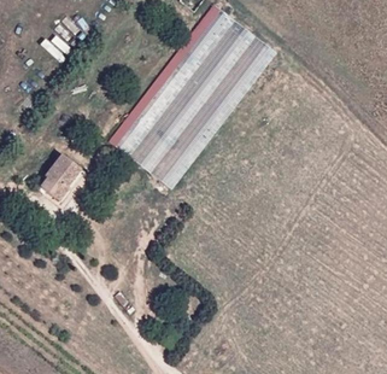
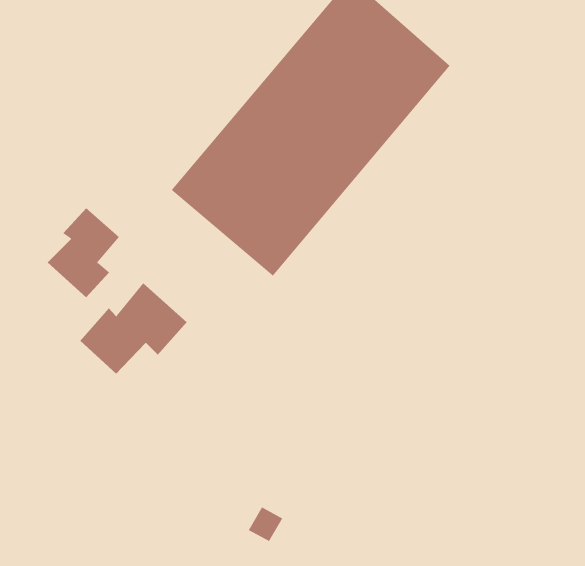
building: none -> [79,283,187,375]

